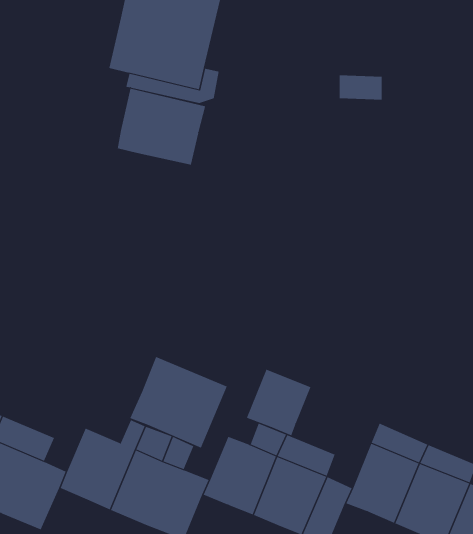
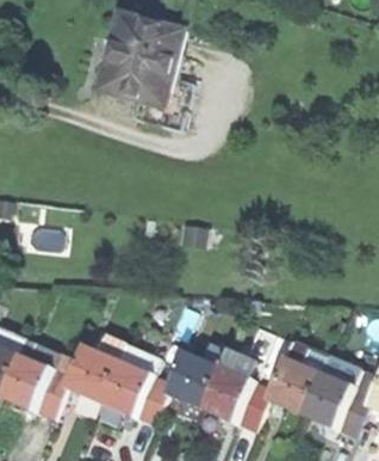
building: [117,88,206,166] -> none
building: [129,356,227,448] -> none
building: [246,369,311,436] -> none

